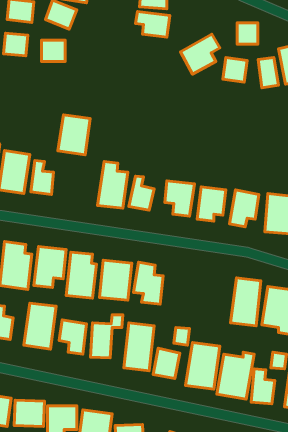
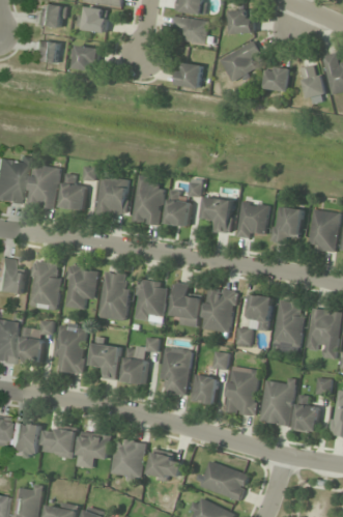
building: [237,23,258,44] -> [230,10,252,33]
building: none -> [176,61,202,89]
building: [58,115,90,155] -> [95,175,130,218]
building: none -> [202,287,236,333]
building: none -> [235,294,273,344]

